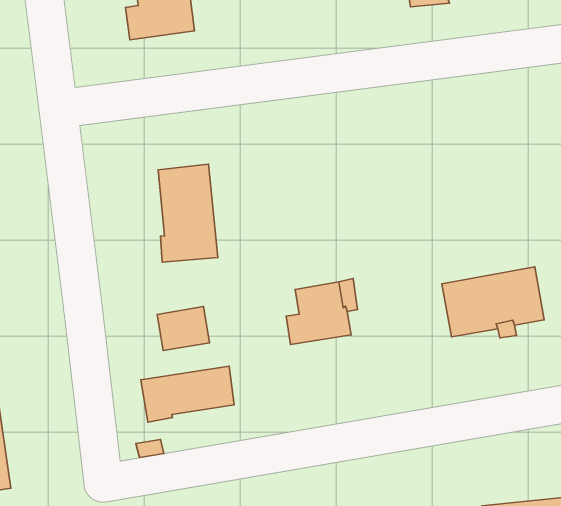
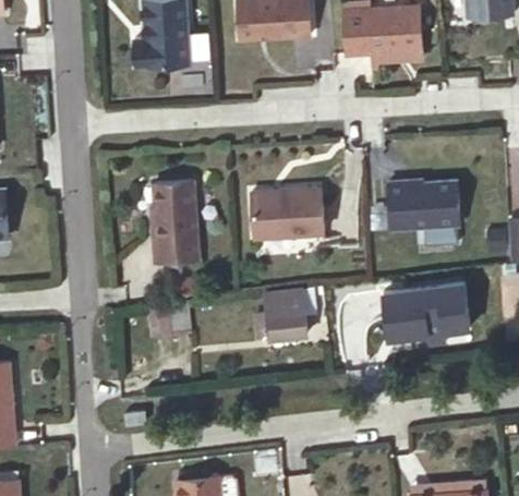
building: none -> [385,181,458,230]
building: none -> [251,189,324,239]
building: [141,366,234,422] -> none

